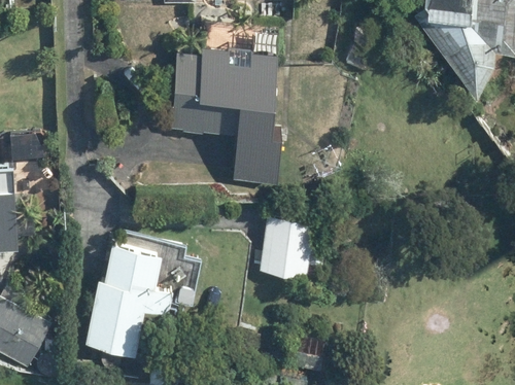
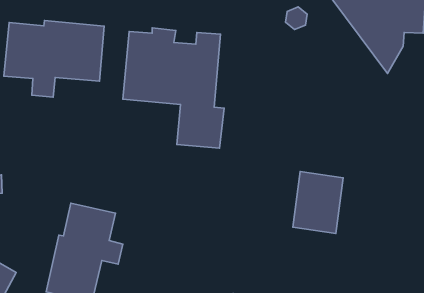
building: none -> [4,21,104,97]
building: [260,208,316,278] -> [293,171,343,233]

